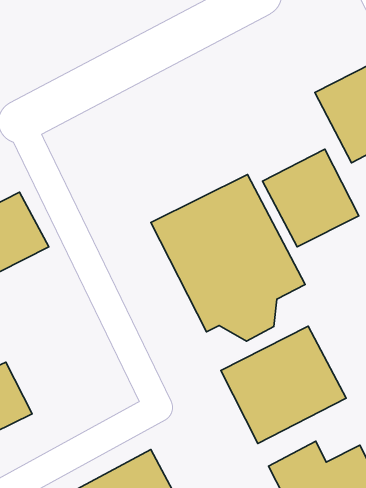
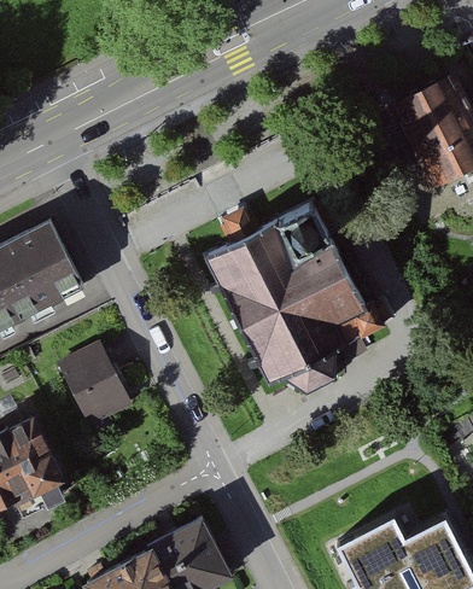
building: [263,149,359,247] -> none
building: none -> [59,340,134,426]
building: [221,326,346,443] -> none

